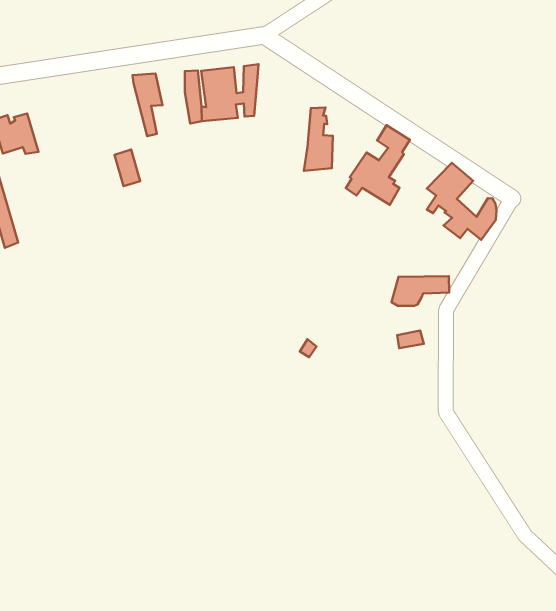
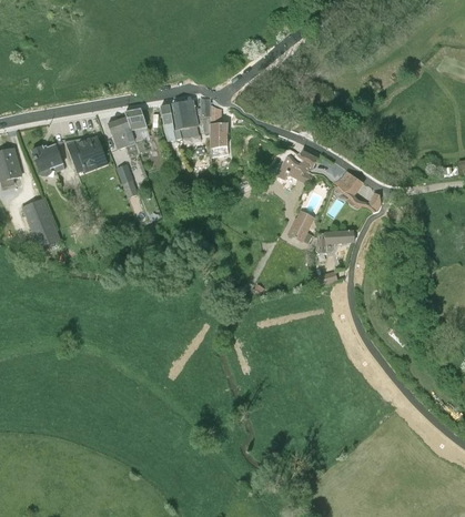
building: none -> [107,116,138,156]
building: [304,108,333,171] -> [209,104,228,149]
building: none -> [64,136,108,173]
building: none -> [285,211,314,244]

